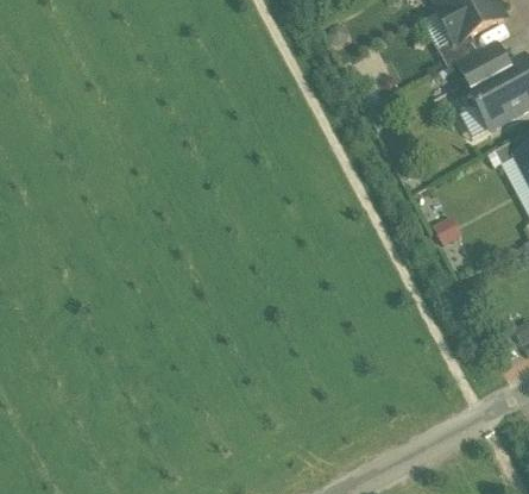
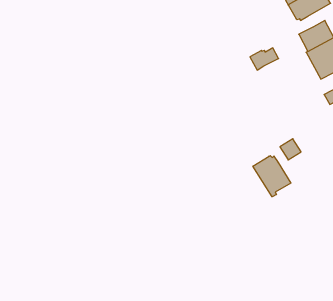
building: [437,36,479,68] -> [250,48,279,70]
building: none -> [253,156,291,197]

